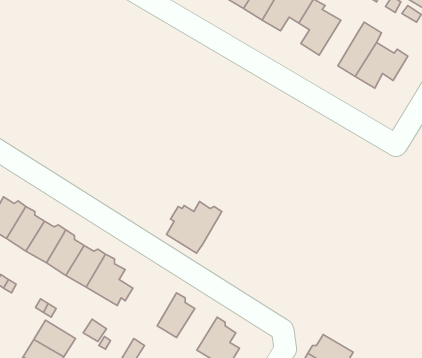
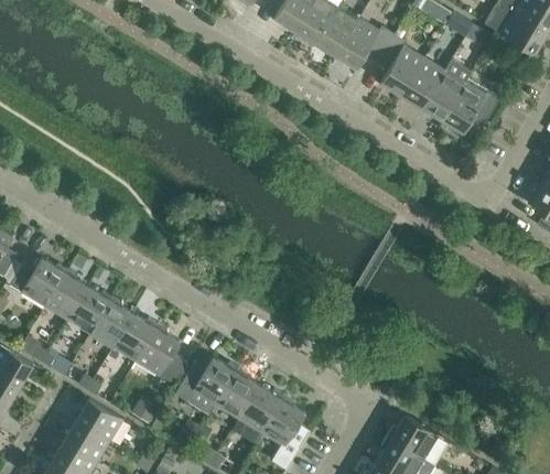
building: none -> [400,57,444,109]
building: [167,202,222,253] -> [175,356,238,414]
building: none -> [238,385,284,432]

